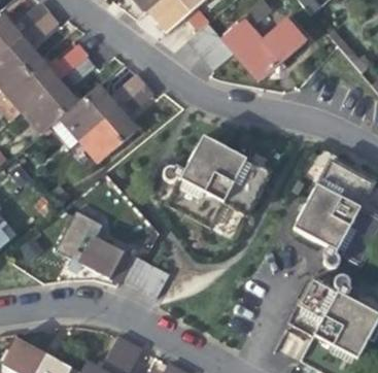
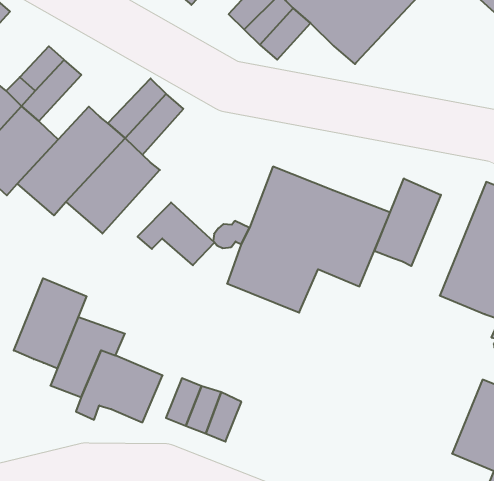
building: none -> [138,202,215,265]
building: none -> [375,178,441,266]
building: none -> [14,278,87,368]

